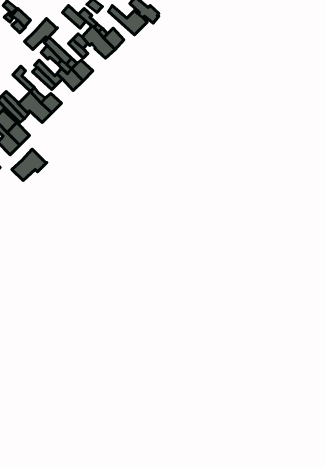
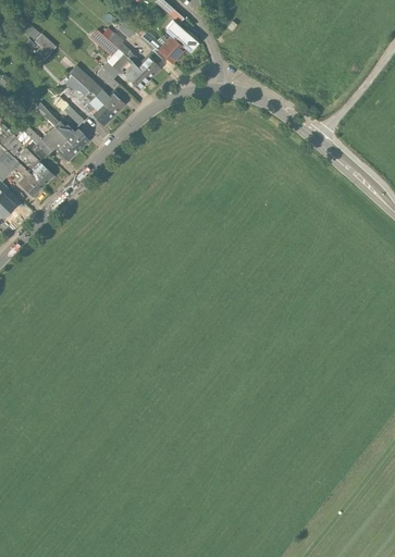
building: [25,18,57,49] -> none
building: [12,149,47,181] -> none

